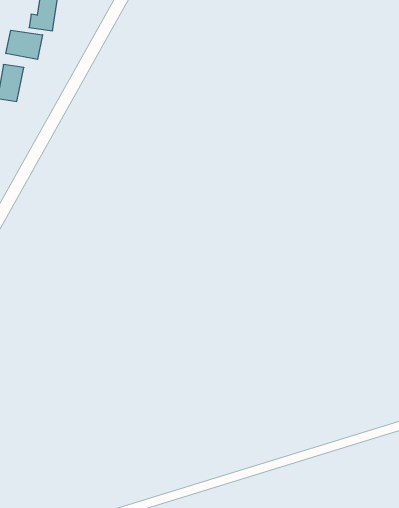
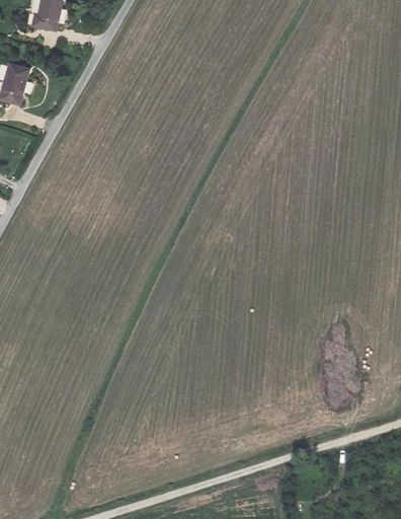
building: [6,30,43,59] -> none

